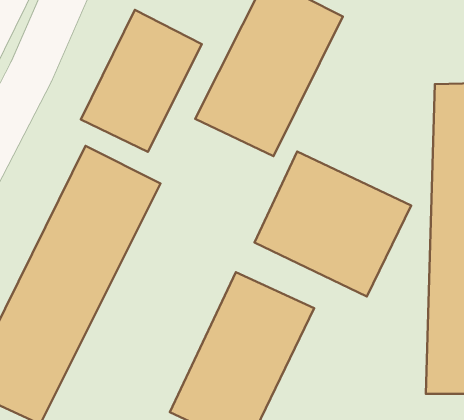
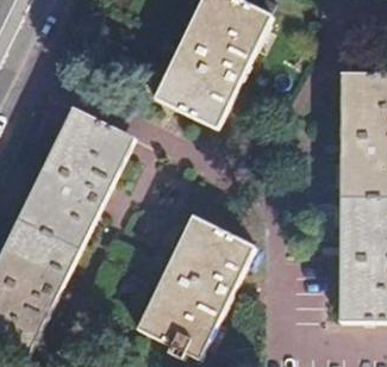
building: [81,10,202,152] -> none
building: [255,151,411,296] -> none

